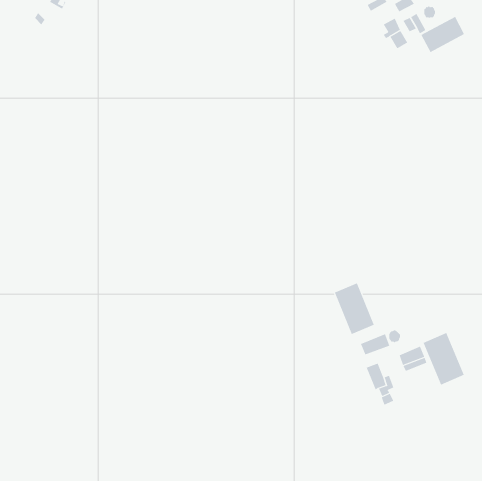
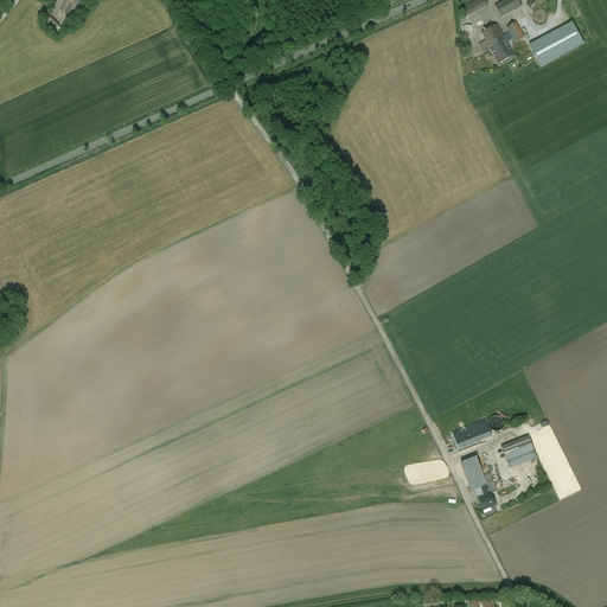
building: [334,282,374,335] -> none
building: [423,332,465,385] -> none

